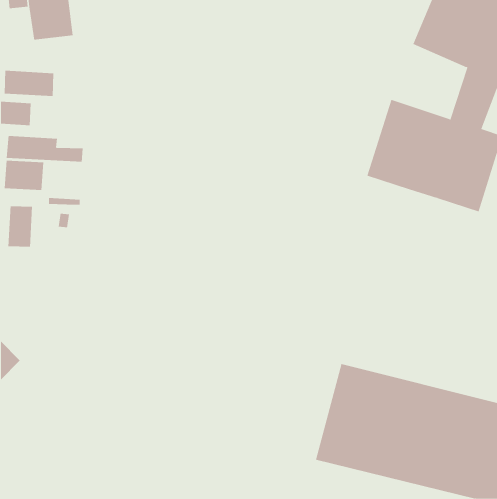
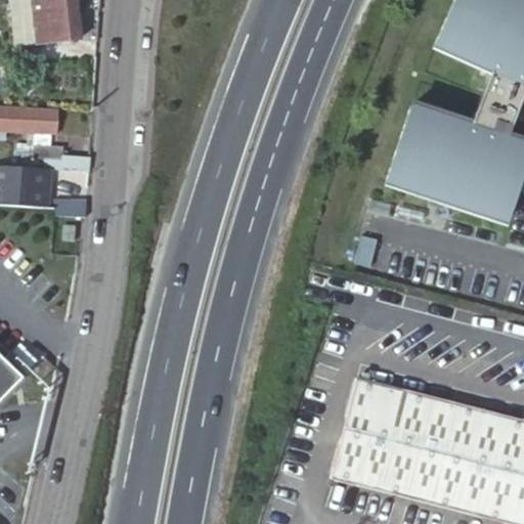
building: [4,70,54,97] -> none
building: [8,206,33,248] -> none

